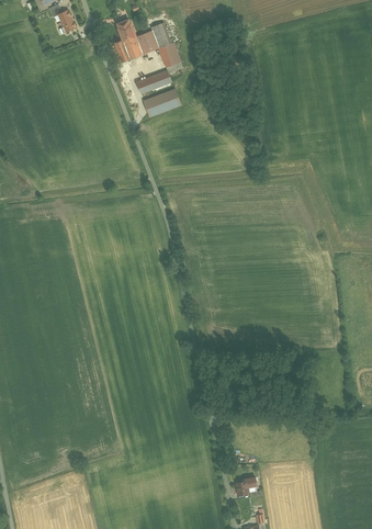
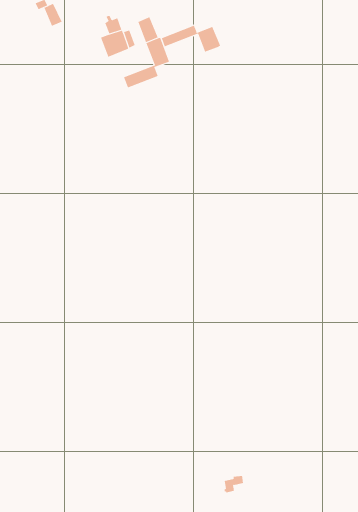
building: none -> [161,25,221,53]
building: [143,88,180,115] -> none

